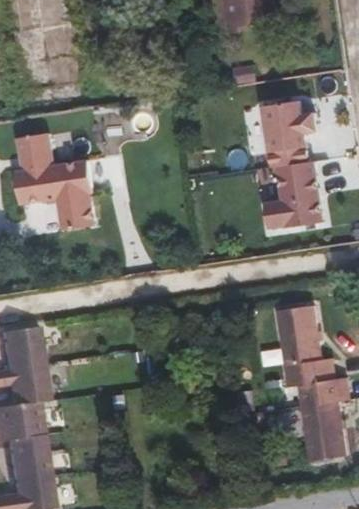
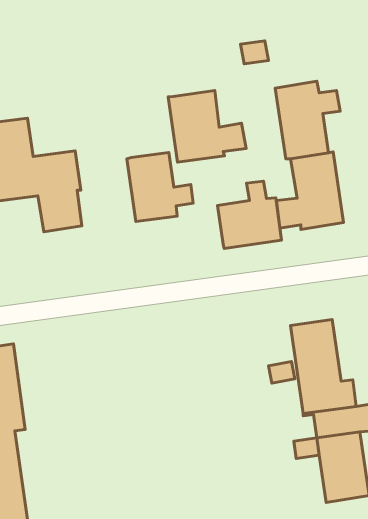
building: none -> [168,91,246,162]
building: none -> [127,152,193,221]
building: none -> [218,181,281,249]

